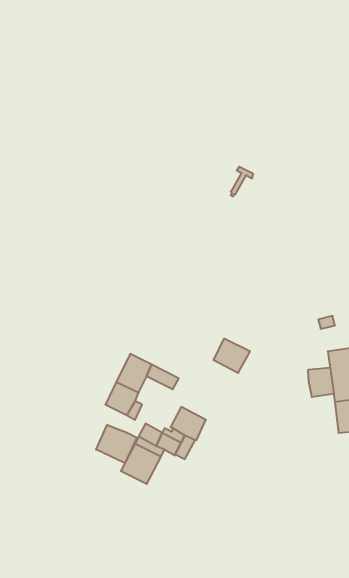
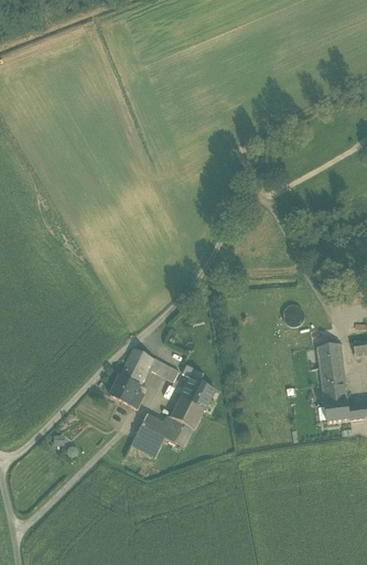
building: [213,339,250,373] -> [180,376,214,408]
building: [308,367,334,397] -> none
building: [96,425,137,463] -> none

